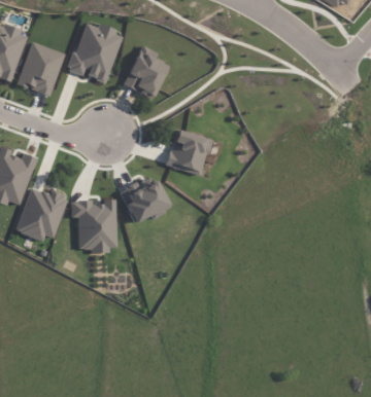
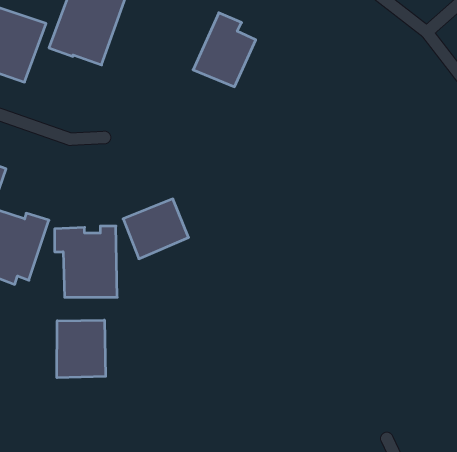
building: [123,45,168,99] -> [193,13,256,87]
building: [165,131,210,176] -> none
building: none -> [57,320,106,378]

